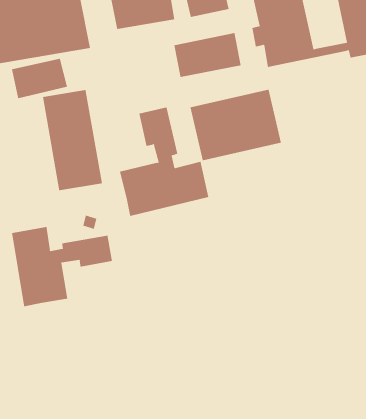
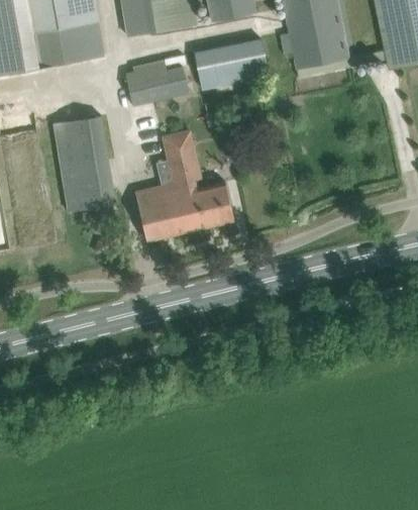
building: [11,58,68,99] -> [125,60,188,104]
building: [190,89,282,161] -> none
building: [12,226,113,307] -> none

